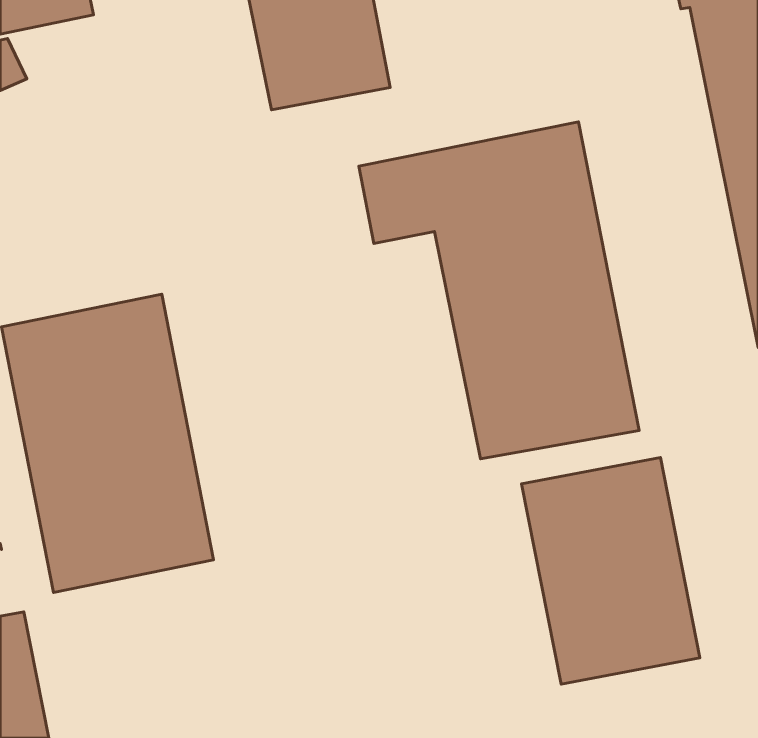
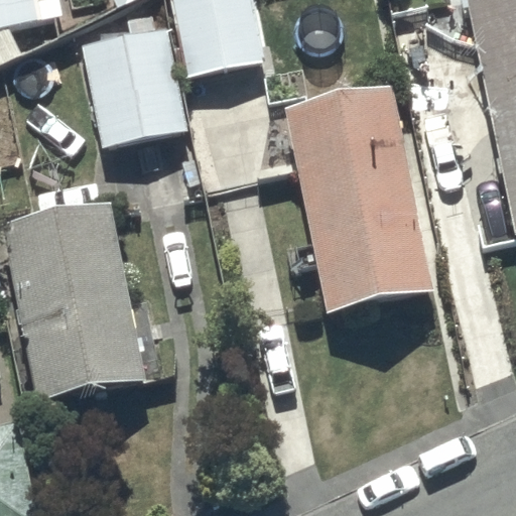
building: none -> [82,11,188,146]
building: [522,458,700,684] -> none

